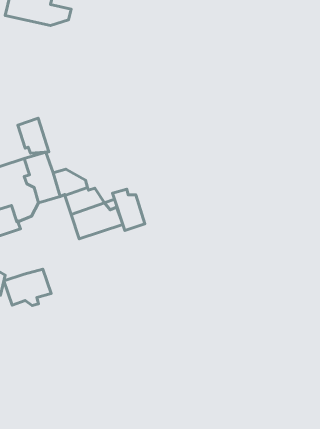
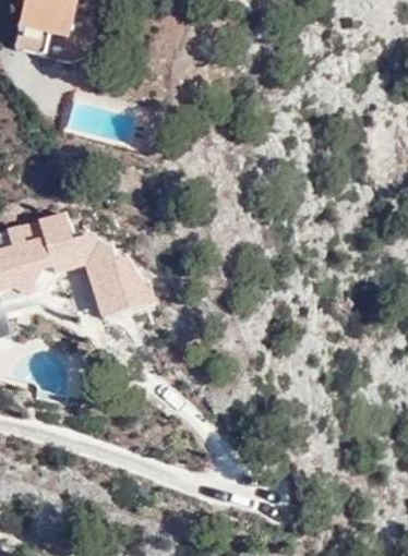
building: [18,118,49,153] -> none
building: [113,189,145,230] -> none
building: [4,269,51,305] -> none

